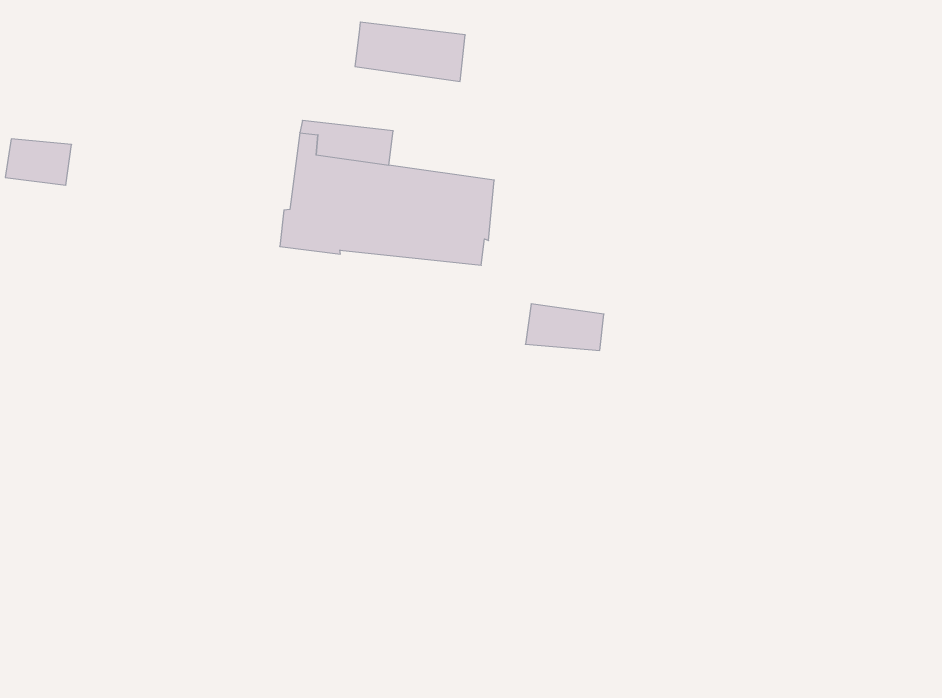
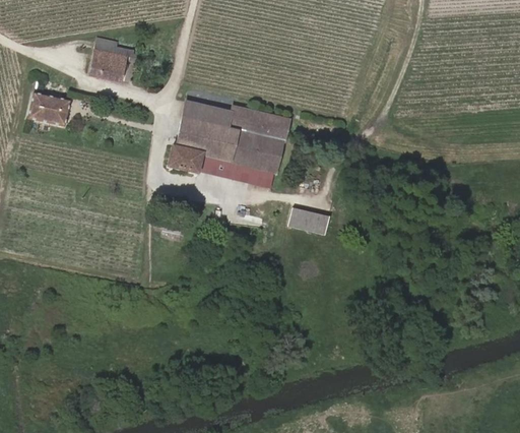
building: none -> [92,42,133,77]
building: [355,22,465,81] -> [229,107,286,142]

